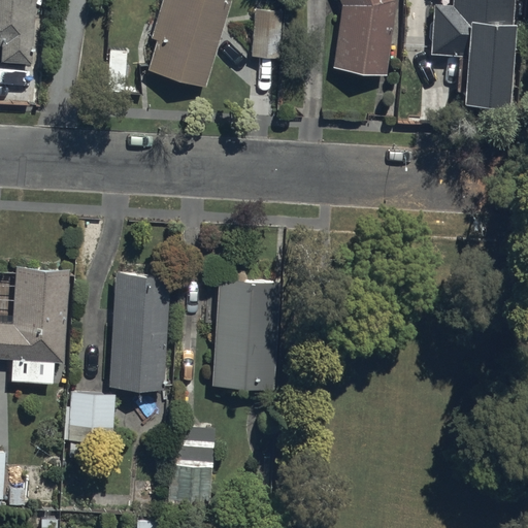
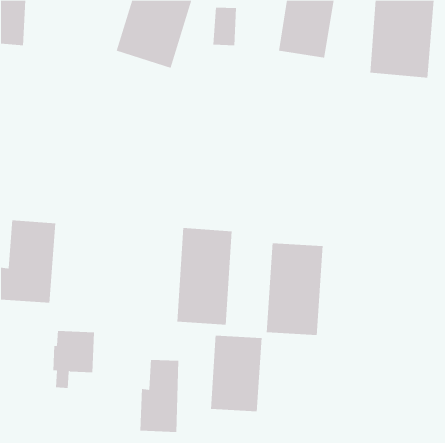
building: [109,272,167,390] -> none
building: none -> [266,242,323,336]
building: none -> [210,335,262,412]

